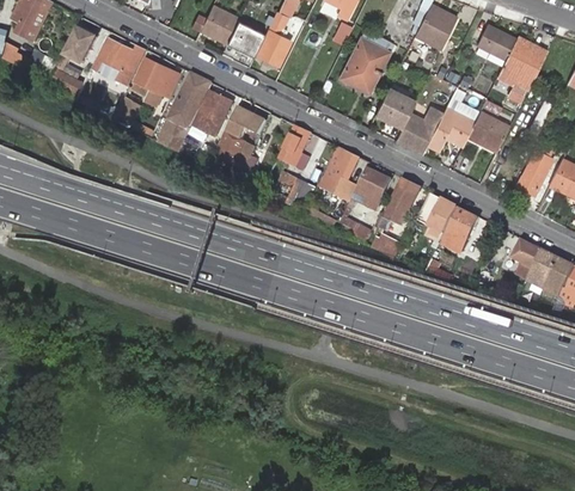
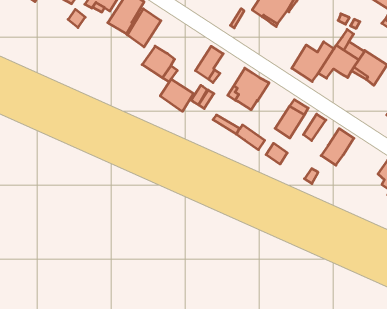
building: [374,90,414,128] -> none
building: [227,106,267,143] -> [160,79,194,111]
building: [155,112,192,152] -> none
building: [351,168,391,210] -> none
building: [428,200,458,234] -> none

